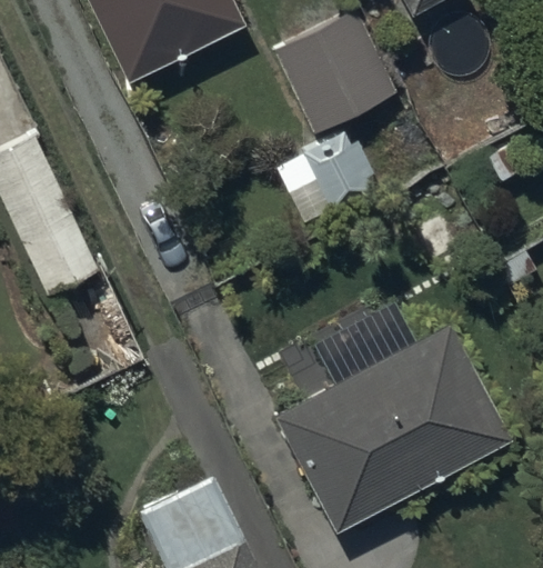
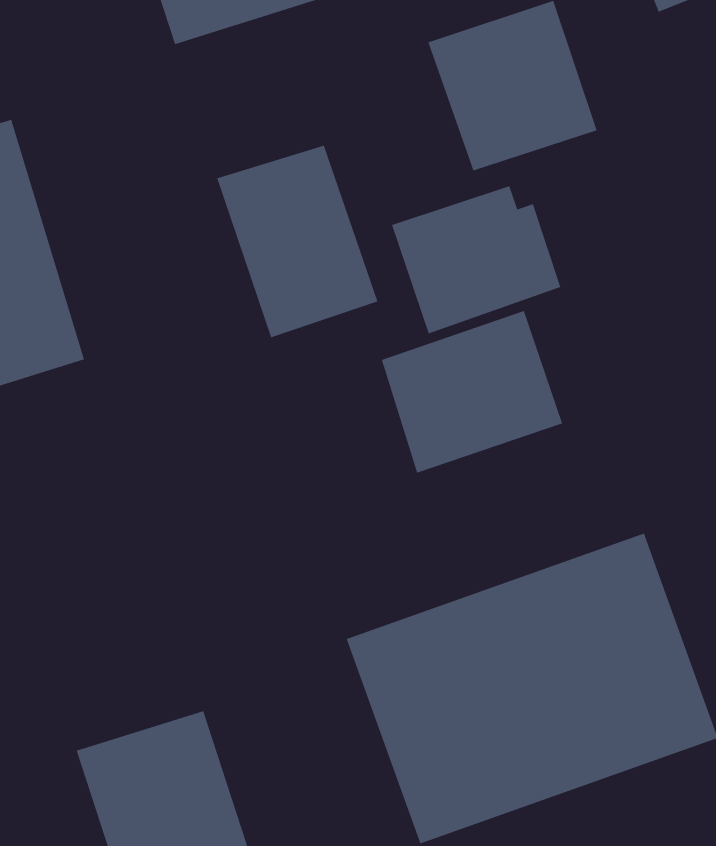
building: none -> [217,145,378,338]
building: none -> [381,310,563,474]

